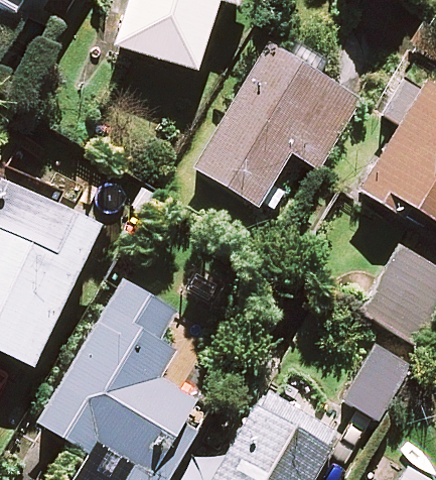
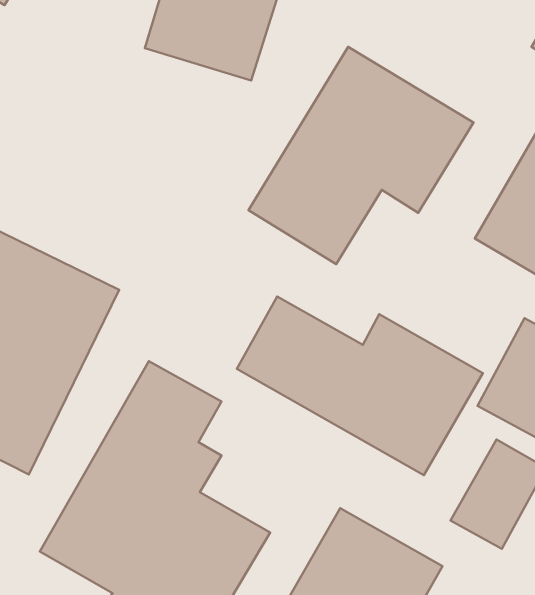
building: none -> [237,297,483,475]

